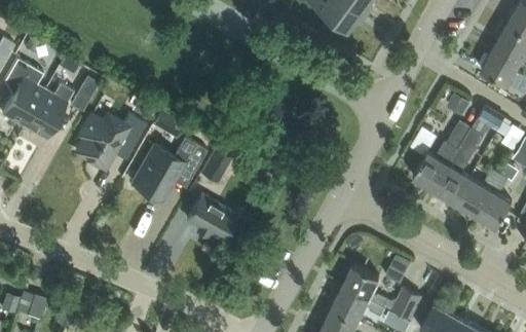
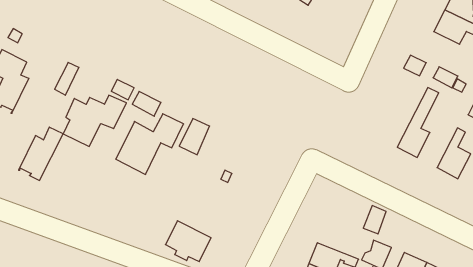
building: [24,83,74,140] -> [19,127,63,180]
building: [412,122,471,191] -> none
building: [454,171,499,216] -> none
building: [187,195,236,241] -> [165,221,211,262]
building: [341,265,388,308] -> none

